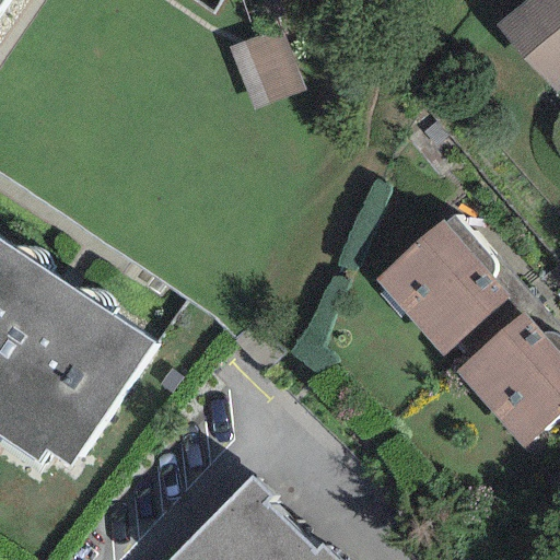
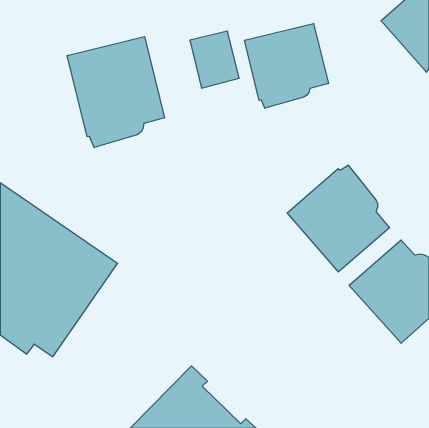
building: none -> [244,23,328,108]
building: none -> [67,37,164,148]

